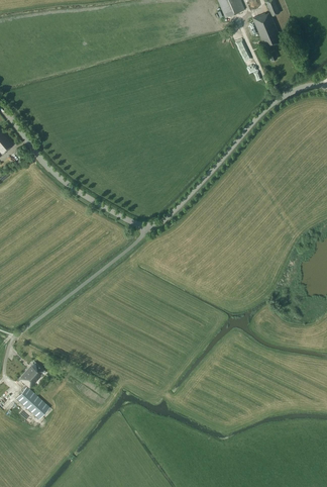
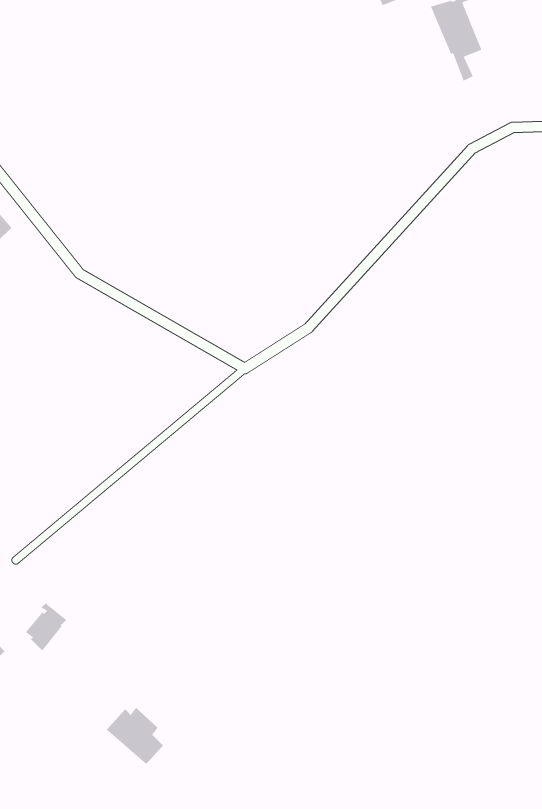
building: [16,385,49,418] -> [106,707,164,765]

